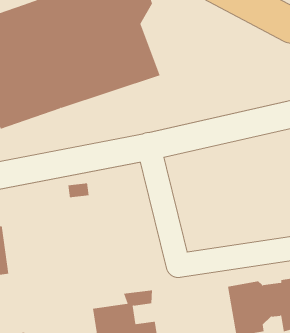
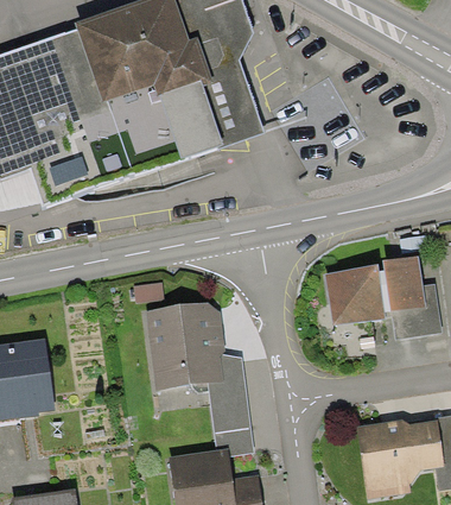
building: none -> [326,255,442,336]
building: none -> [144,302,254,436]

